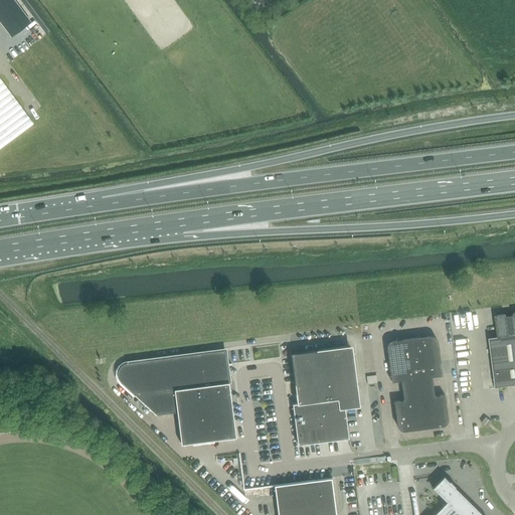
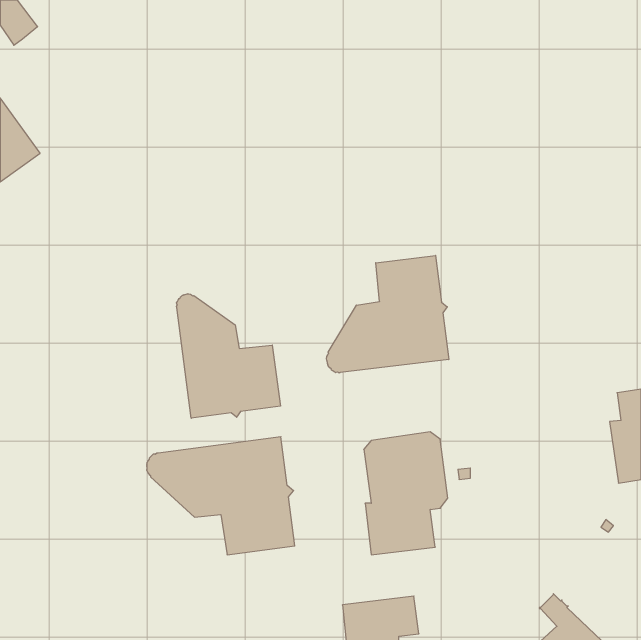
building: none -> [326,255,449,373]
building: none -> [176,294,280,418]
building: [387,337,448,432] -> none

